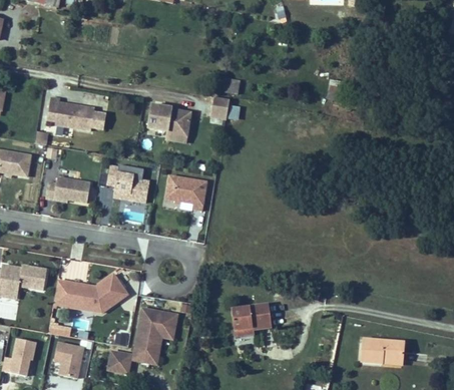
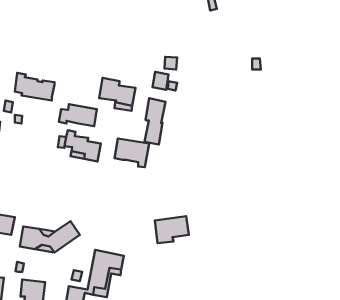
building: none -> [145,98,165,144]
building: [45,176,90,203] -> [59,104,97,126]
building: [232,304,272,336] -> [155,216,189,243]
building: [362,339,403,363] -> none

